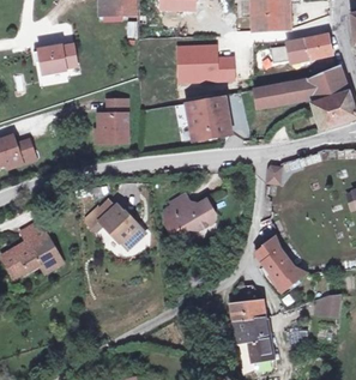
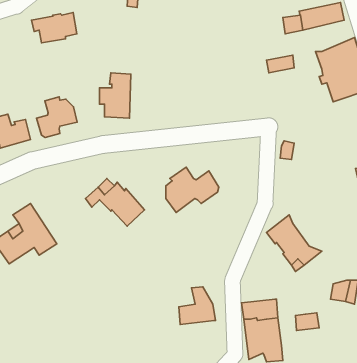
building: [180,44,236,80] -> none
building: [259,79,309,107] -> none
building: [189,95,233,139] -> none
building: none -> [36,97,77,137]
building: [231,283,266,319] -> [179,287,215,324]

